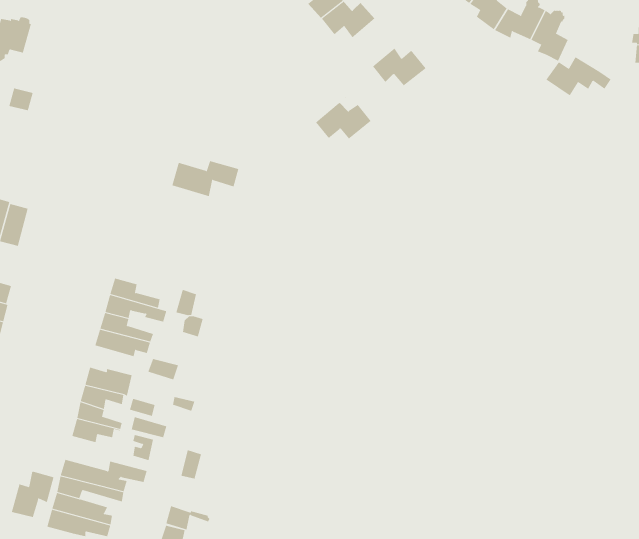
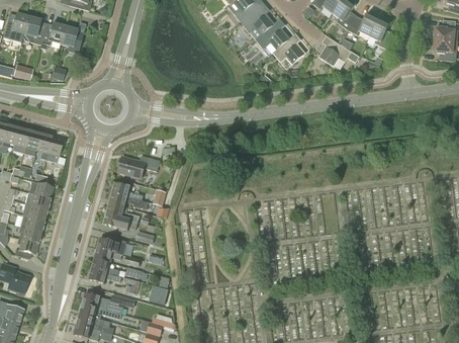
building: none -> [60,24,82,52]
building: [545,57,611,96] -> [318,41,359,66]
building: [315,96,371,144] -> [256,22,290,52]
building: [172,161,239,197] -> [118,155,160,177]
building: [11,469,54,518] -> none

